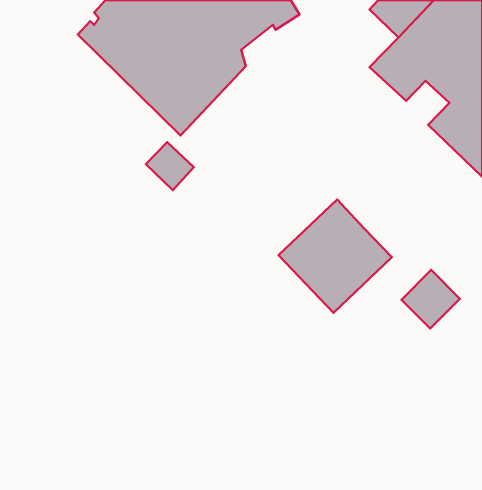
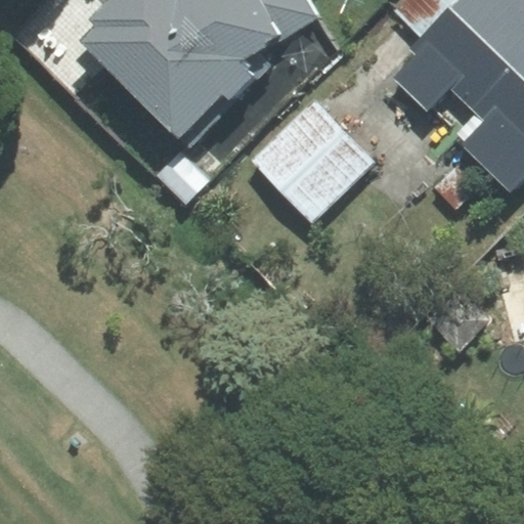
building: [279,200,392,313] -> [253,99,374,220]

